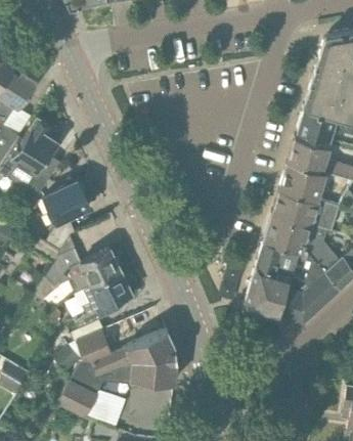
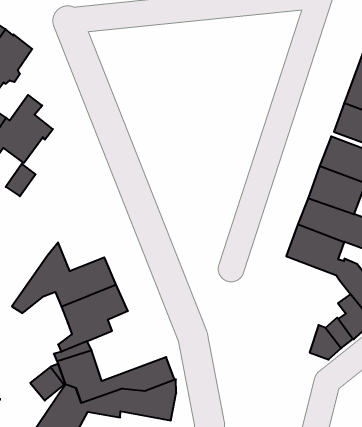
building: [44,182,91,251] -> none
building: [245,239,307,317] -> none

